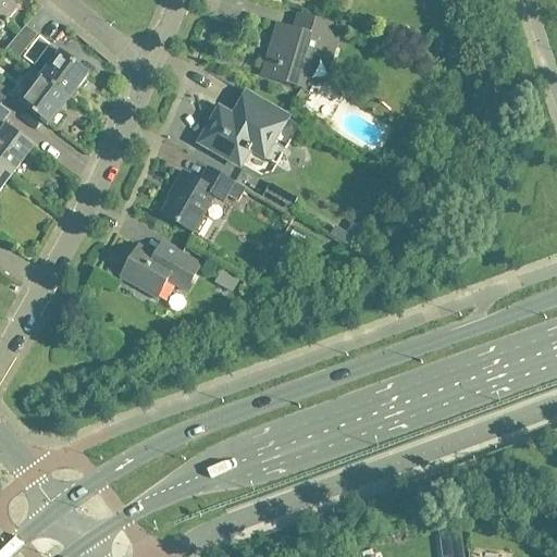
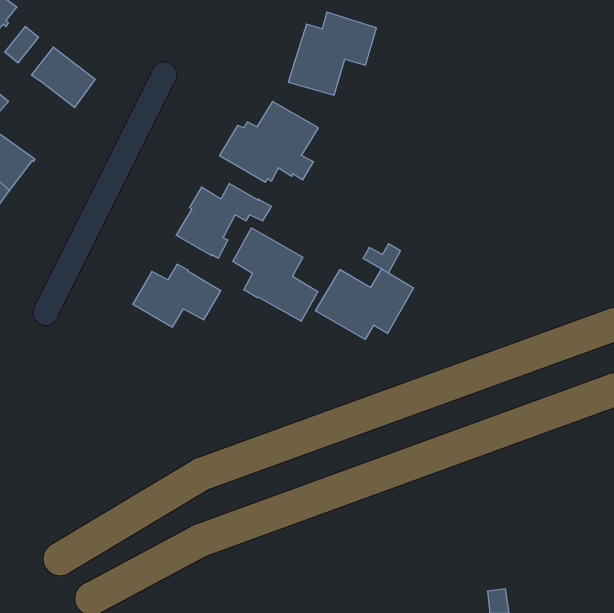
building: [17,74,67,122] -> none
building: none -> [233,228,318,321]
building: none -> [315,269,413,339]

